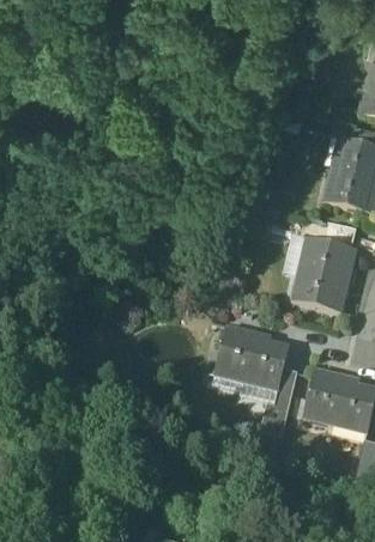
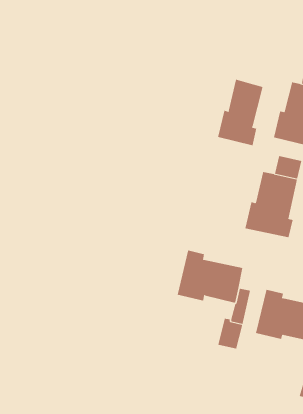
building: none -> [218,79,263,146]

